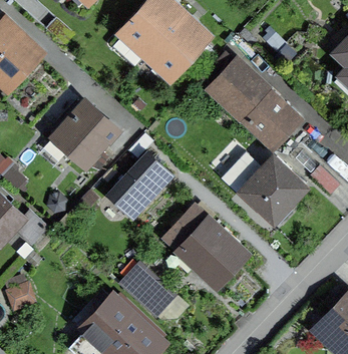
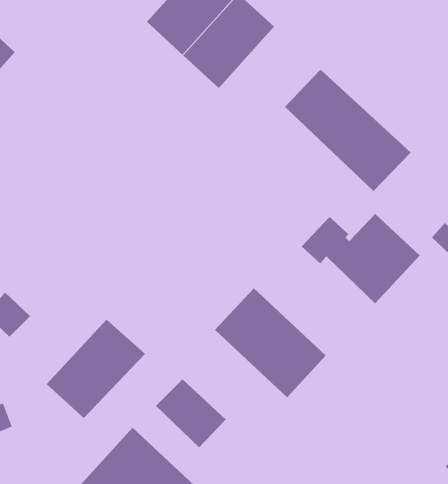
building: [58,106,117,166] -> none
building: [107,151,173,218] -> [46,319,146,419]

